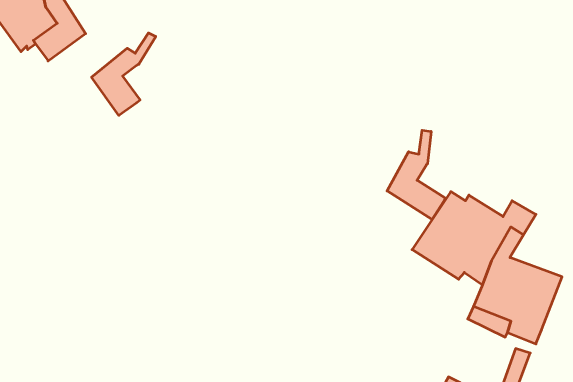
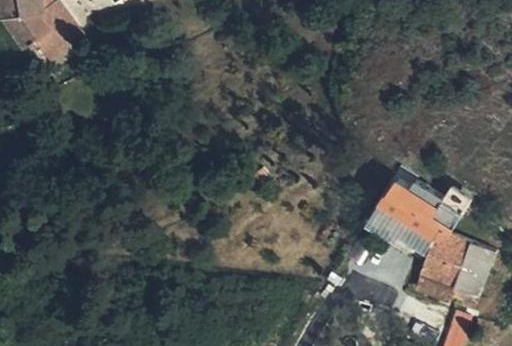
building: [92,33,156,115] -> none
building: [387,130,446,220] -> none

